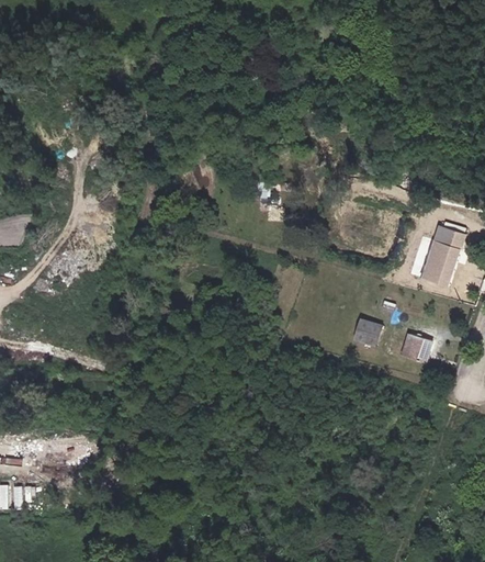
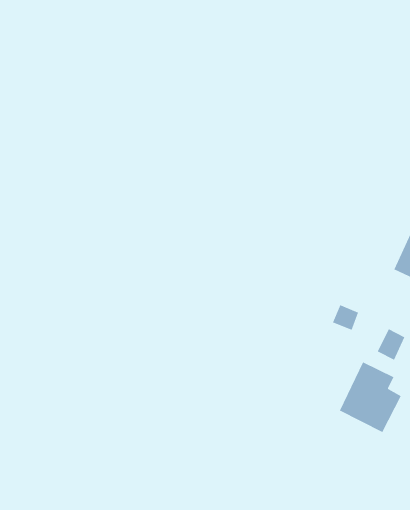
building: none -> [339,361,402,433]

